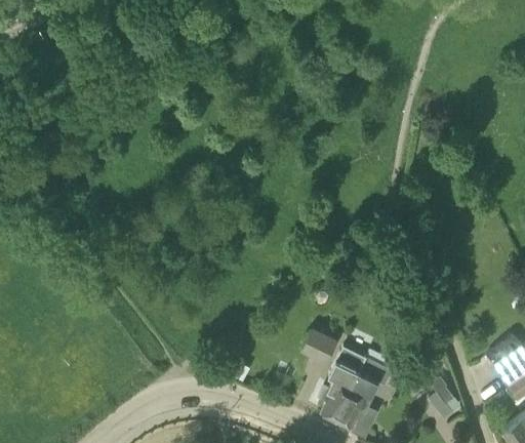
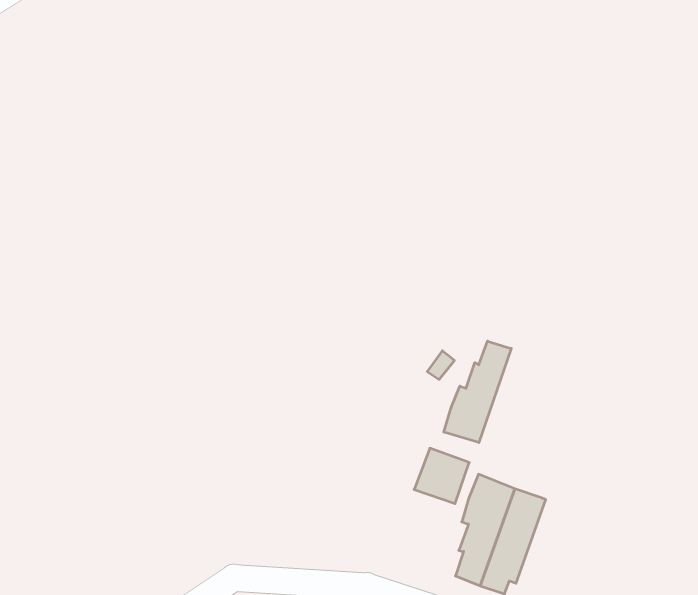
building: none -> [444,341,511,443]
building: [429,376,460,417] -> none

